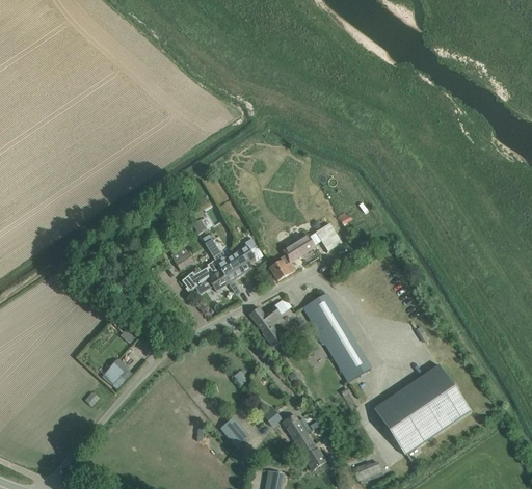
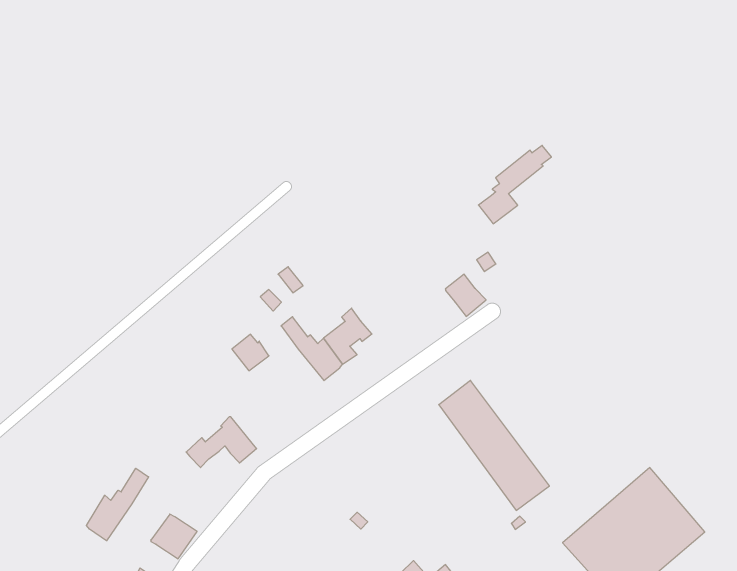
building: [269,233,321,280] -> [478,145,551,224]
building: [182,260,229,291] -> [186,417,257,468]
building: [249,304,282,347] -> none
building: none -> [86,468,149,541]

